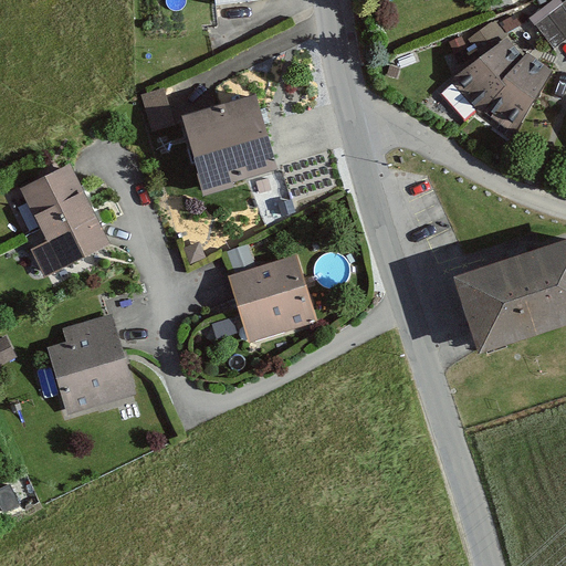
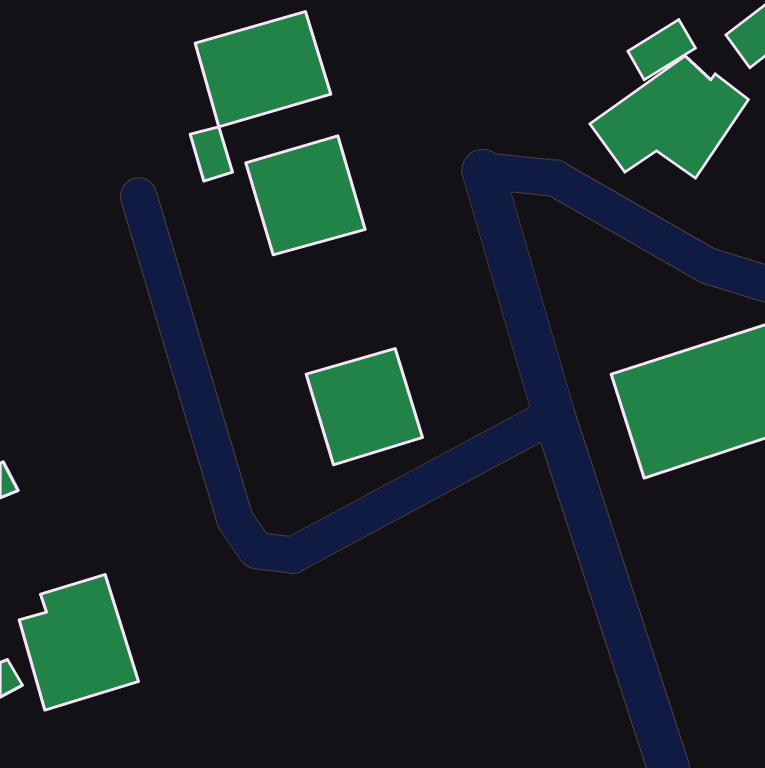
building: none -> [195,12,331,127]
building: [20,164,111,277] -> none
building: [48,314,135,413] -> [19,574,138,710]

